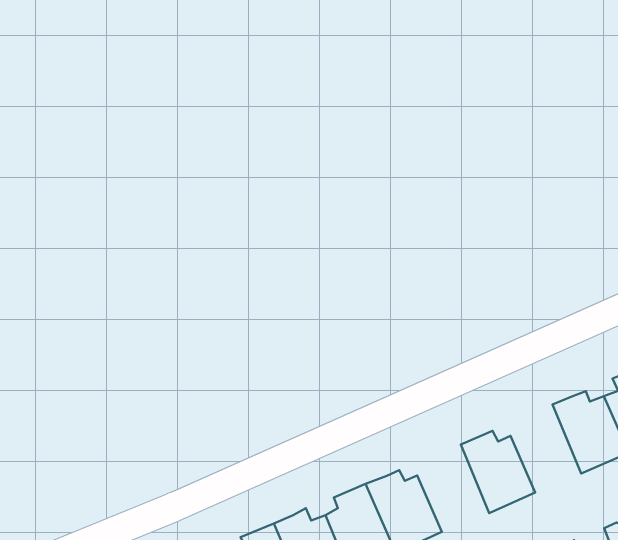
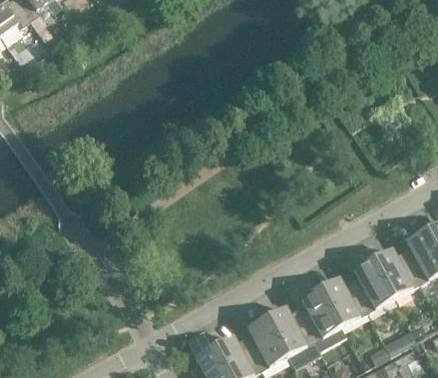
building: none -> [349,259,393,312]
building: none -> [296,288,341,341]

